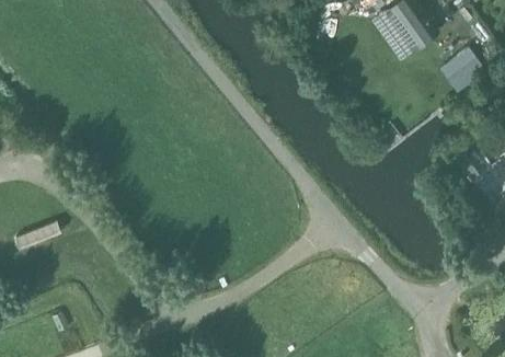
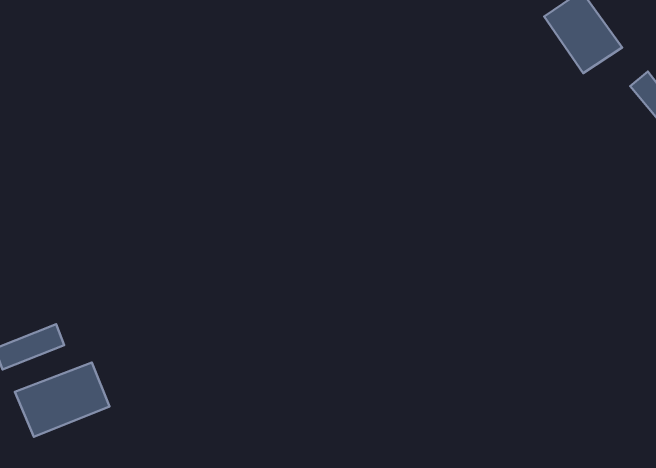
building: none -> [15,363,109,437]

